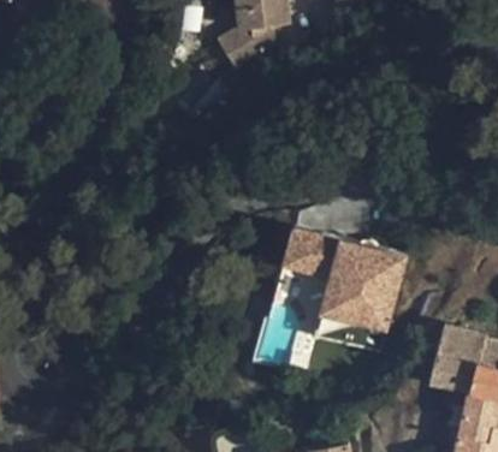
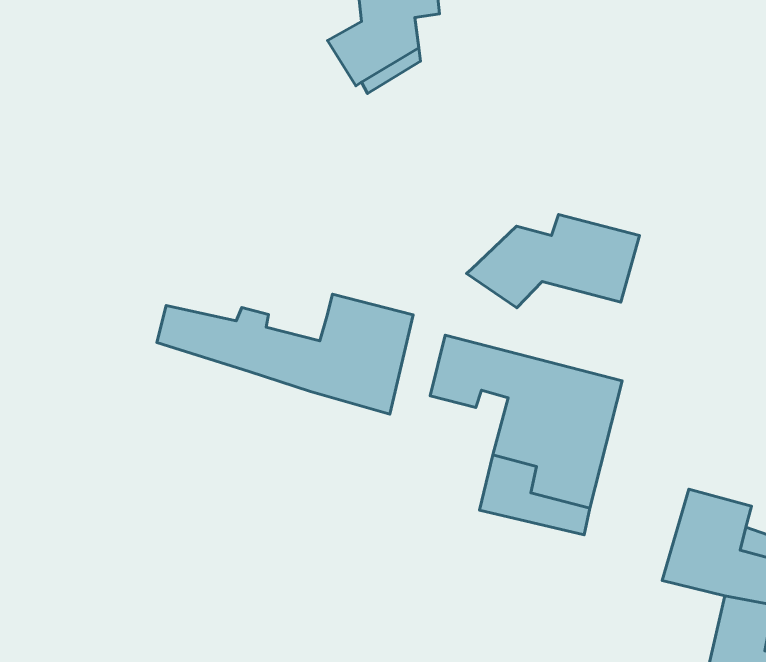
building: none -> [466,215,639,308]
building: none -> [157,294,413,414]

